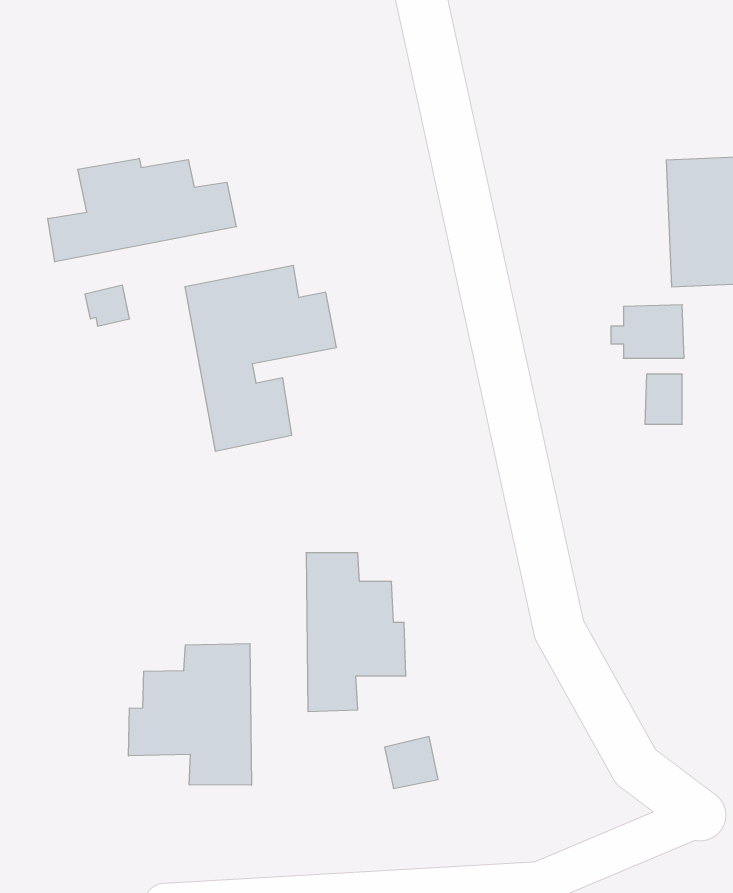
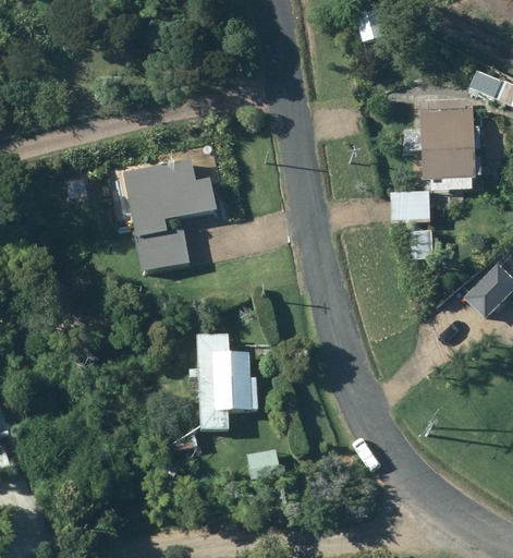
building: [48,158,236,262] -> none
building: [128,644,251,785] -> none

